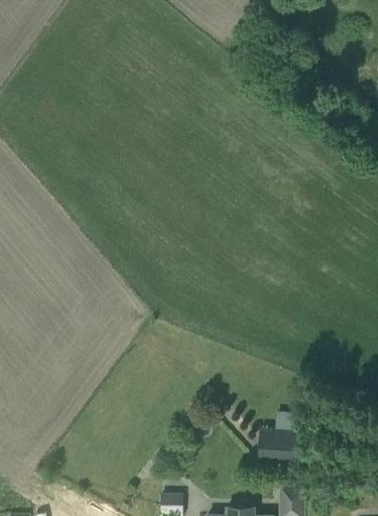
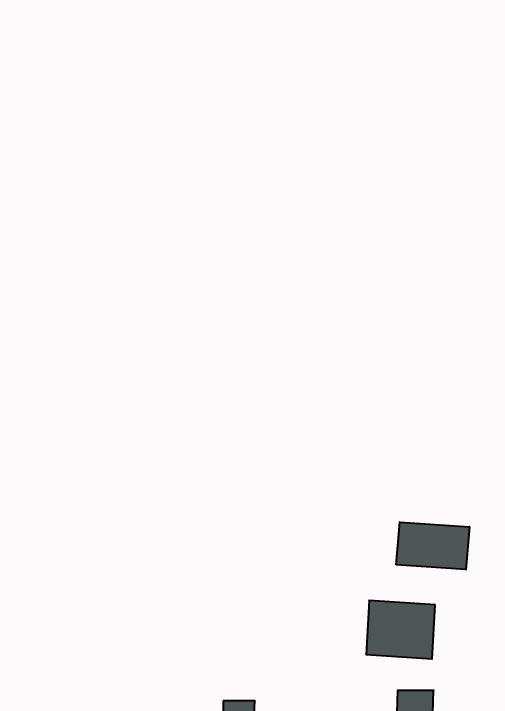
building: none -> [396,522,469,570]

